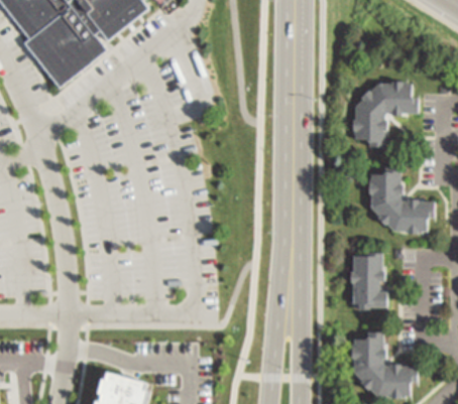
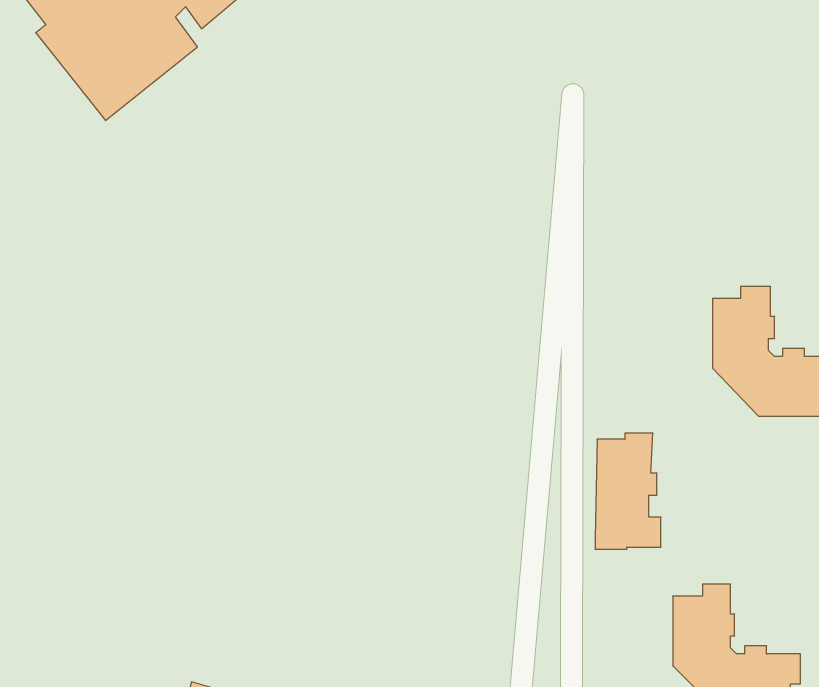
building: [351,90,416,154] -> none
building: [349,259,382,317] -> [595,433,661,549]

